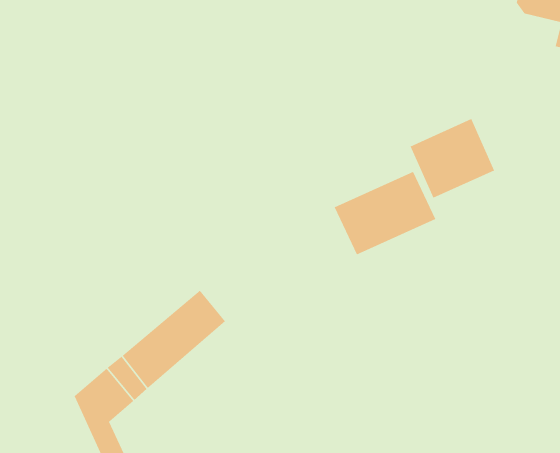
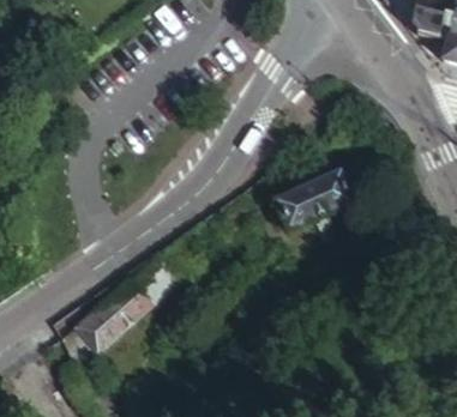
building: [410,118,495,199] -> none

